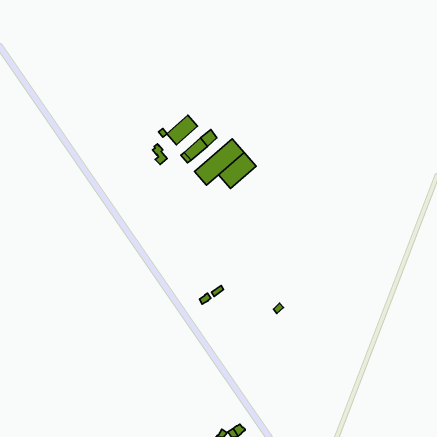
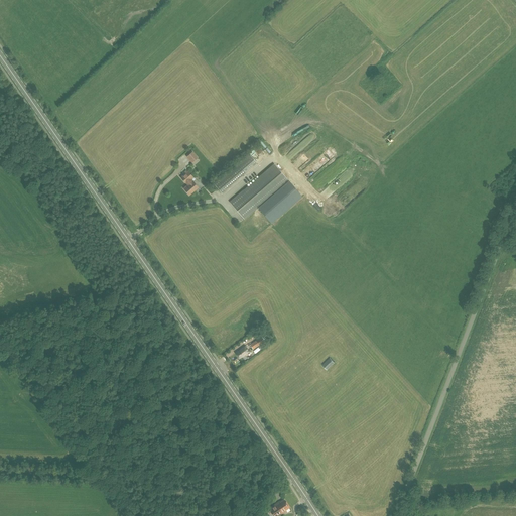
building: [167,115,198,145] -> none

